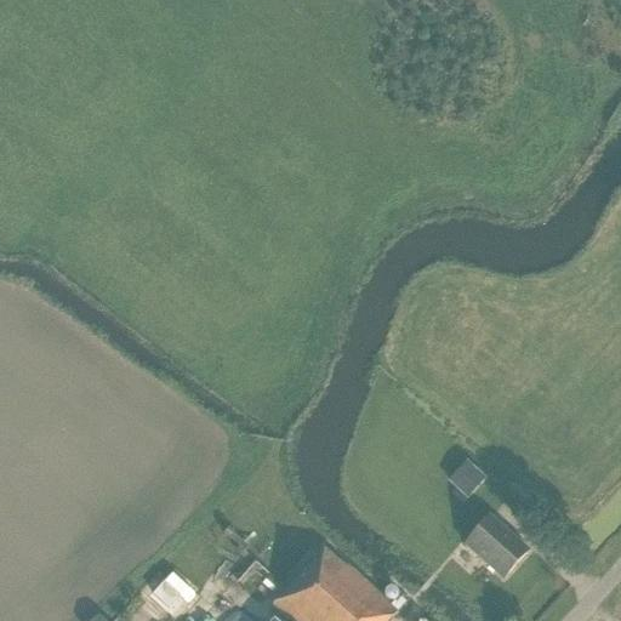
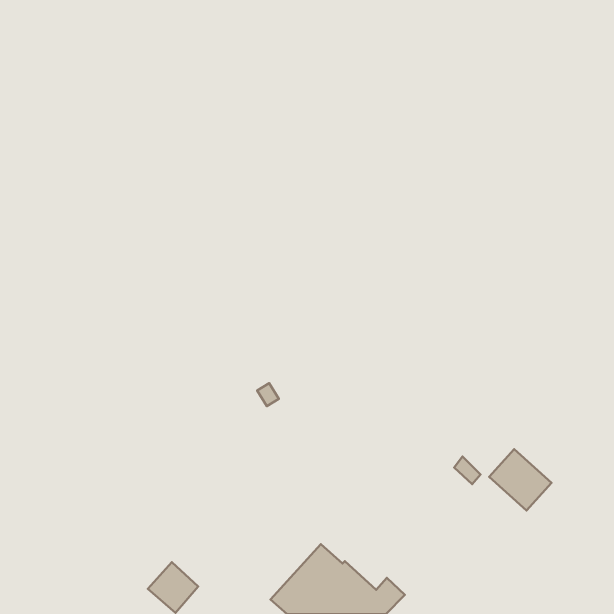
building: [466,518,529,580] -> [489,449,552,510]

